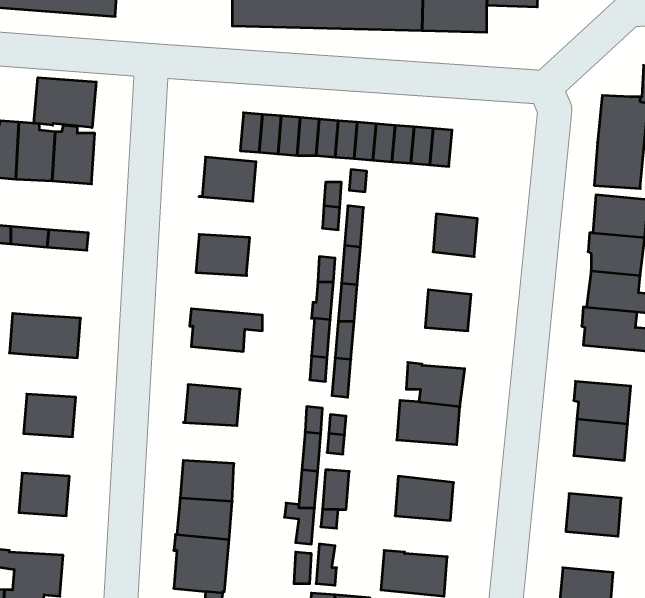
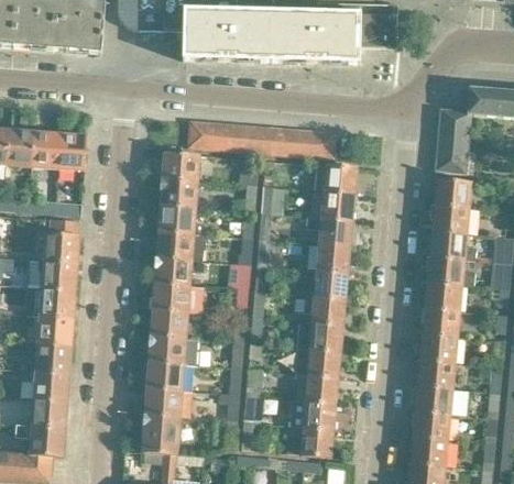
building: [34,78,96,128] -> none
building: none -> [315,163,356,194]
building: none -> [160,178,197,207]
building: none -> [307,214,351,246]
building: none -> [44,218,79,263]
building: none -> [154,231,205,261]
building: none -> [315,270,347,298]
building: none -> [422,282,462,310]
building: none -> [152,283,190,312]
building: none -> [40,288,75,318]
building: none -> [147,336,198,364]
building: none -> [36,343,72,373]
building: none -> [295,348,339,377]
building: none -> [416,359,456,388]
building: none -> [28,398,67,428]
building: none -> [288,399,335,429]
building: none -> [412,410,451,440]

